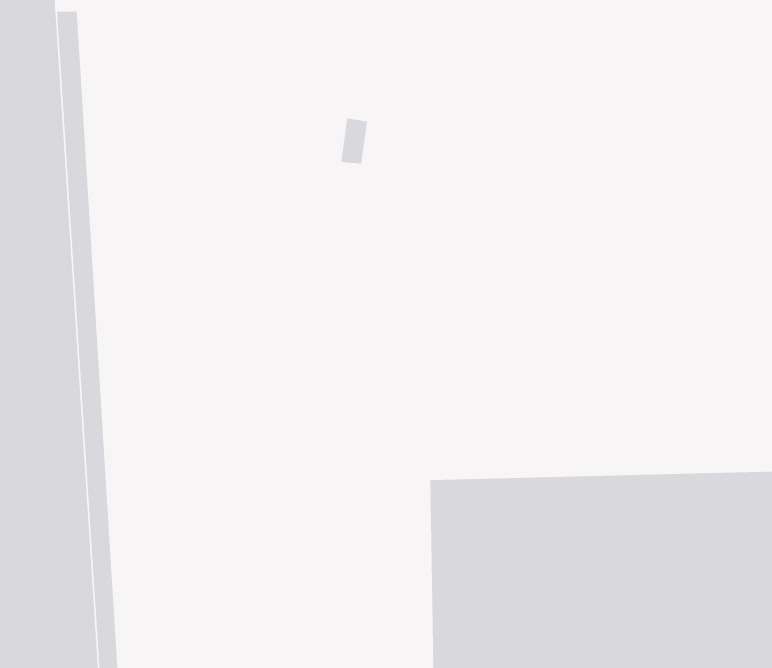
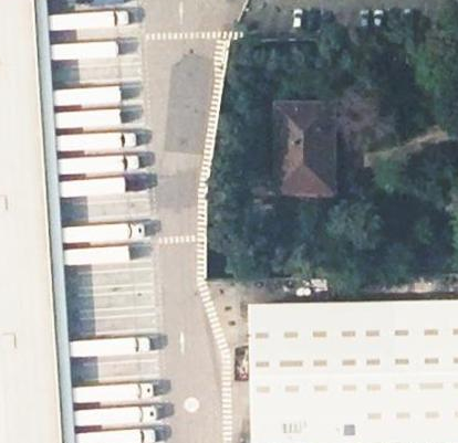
building: none -> [278,105,331,190]

